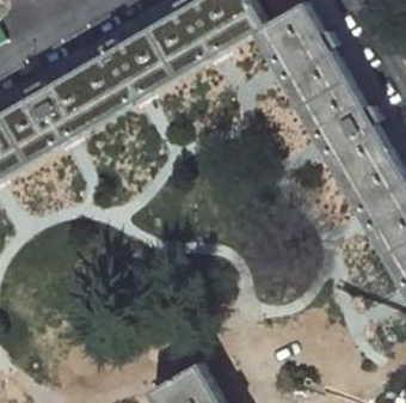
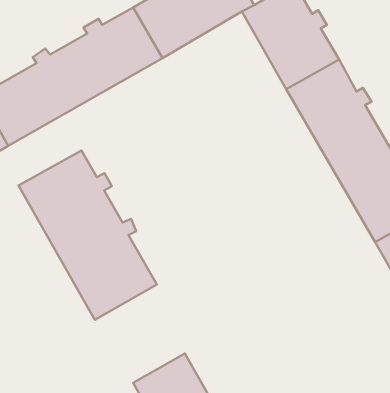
building: none -> [19,151,157,320]

